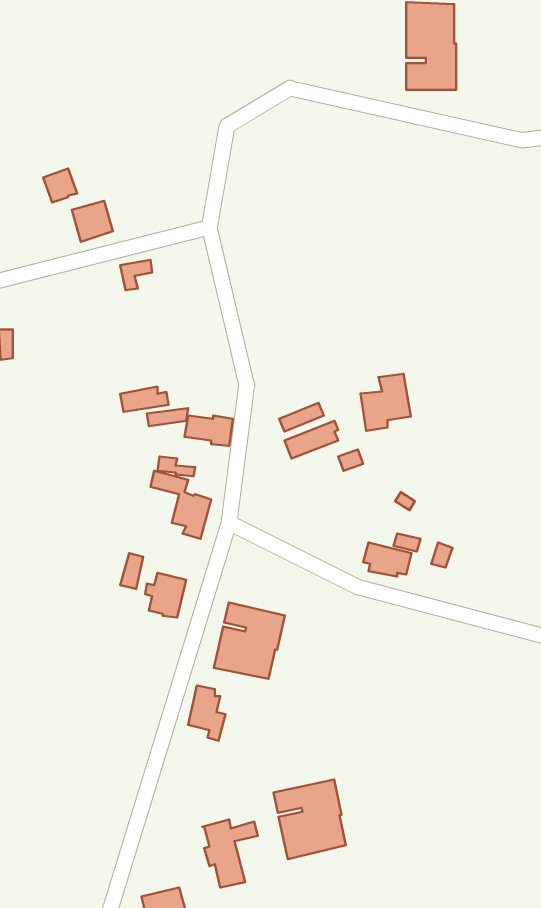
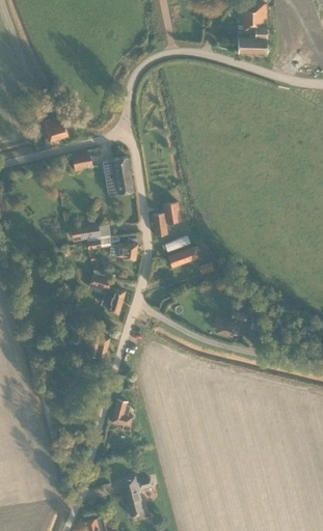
building: none -> [105,157,133,196]
building: [361,374,411,431] -> [152,202,181,235]
building: [214,603,285,679] -> none
building: [273,779,346,859] -> none

